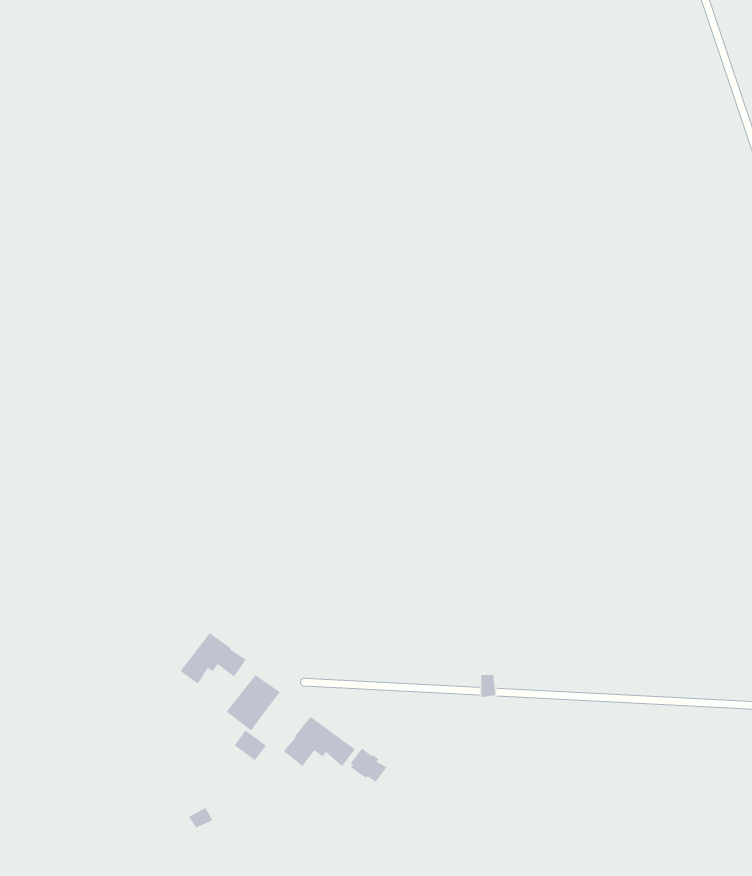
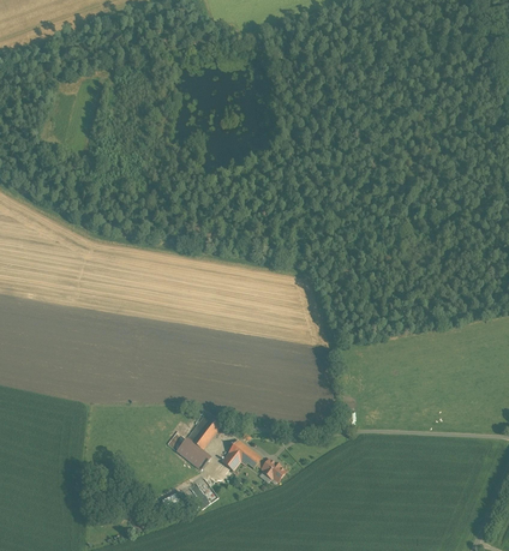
building: [180,632,247,685] -> none

